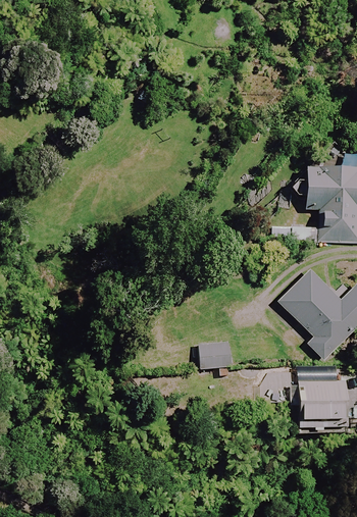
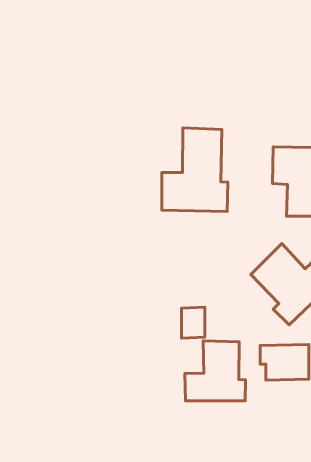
building: none -> [162,128,228,211]
building: none -> [185,341,245,401]

